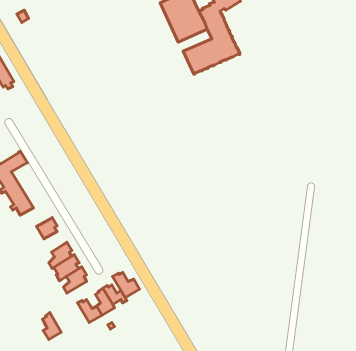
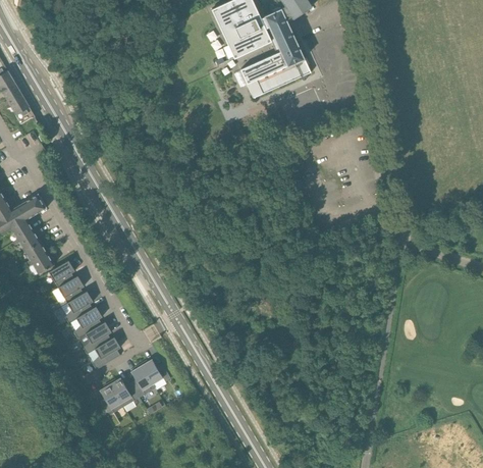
building: none -> [49,261,74,288]
building: none -> [64,292,93,324]
building: [113,273,139,298] -> none
building: [42,312,61,340] -> [100,382,123,416]

